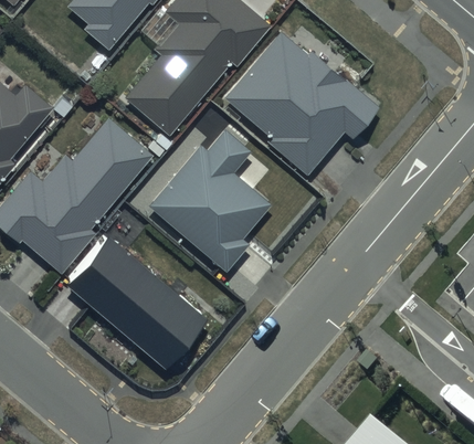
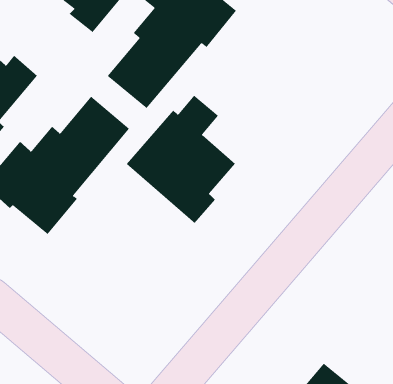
building: [223,25,385,168] -> none
building: [65,239,207,372] -> none

